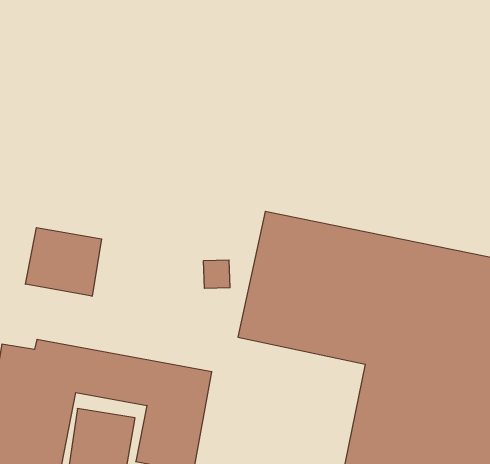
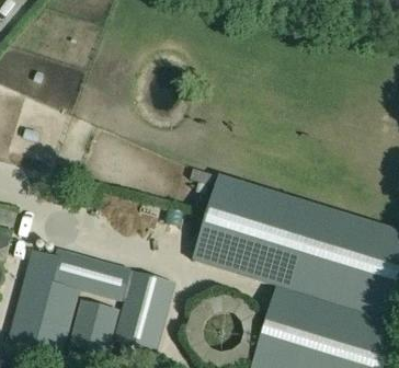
building: [25,228,102,296] -> none

